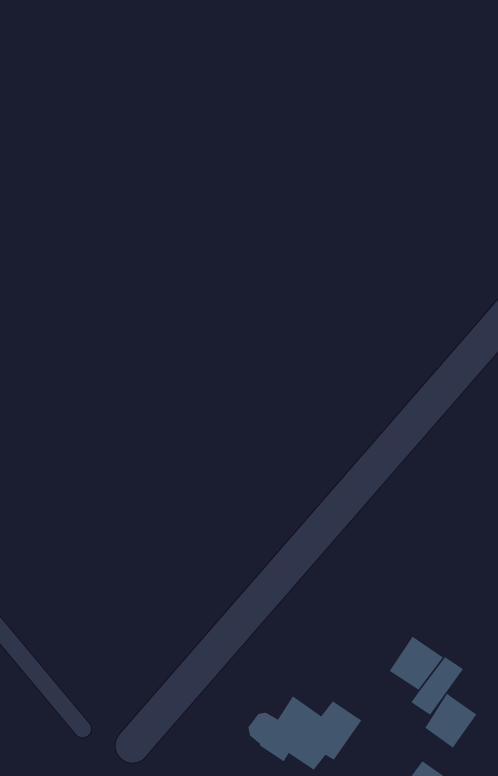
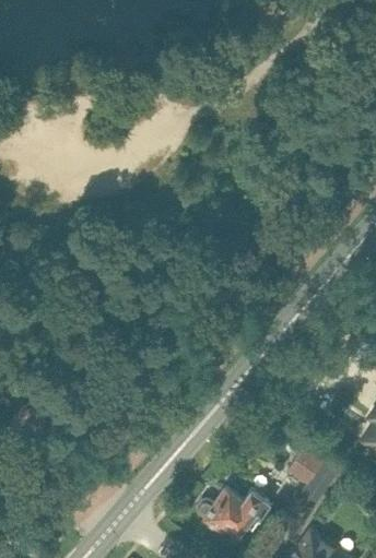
building: [424,693,477,748] -> none

